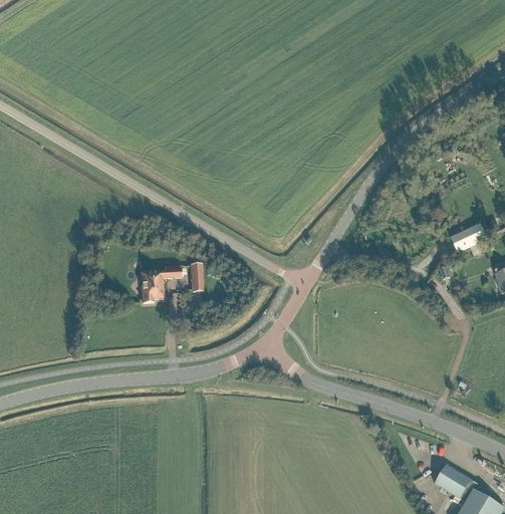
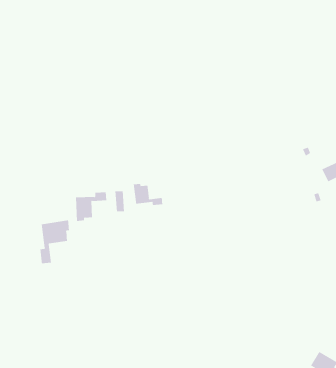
building: none -> [133,183,163,206]
building: none -> [40,220,69,264]

